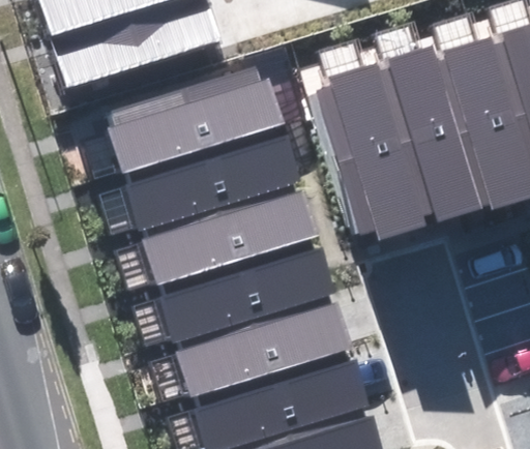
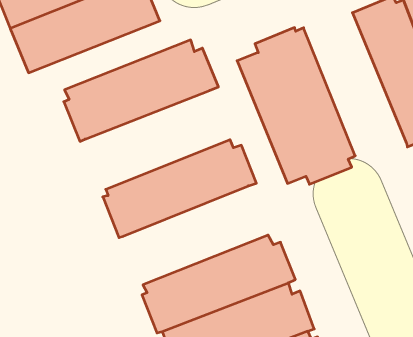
building: [385,44,491,224] -> none
building: [123,126,299,231] -> none
building: [158,238,334,342] -> none

